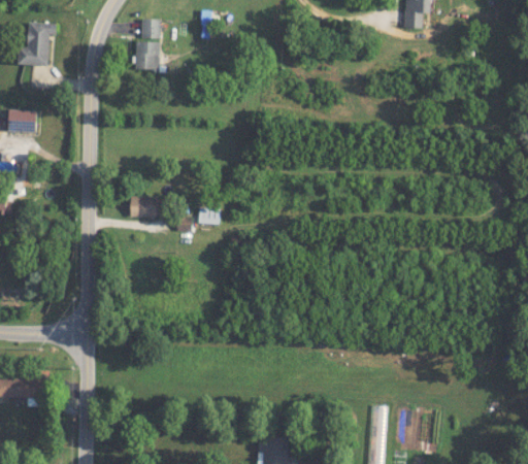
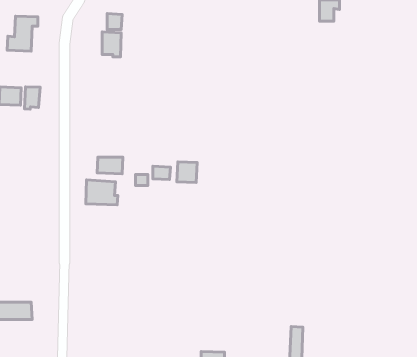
building: none -> [25,87,40,109]
building: none -> [177,162,197,182]
building: none -> [86,180,118,205]

